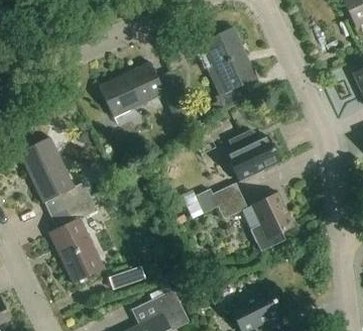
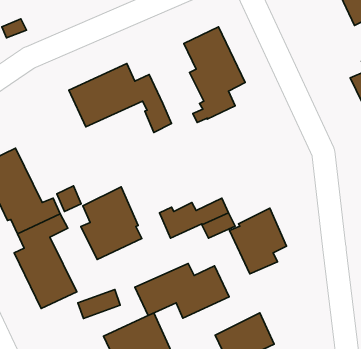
building: [218,130,280,182] -> none
building: none -> [81,187,142,259]
building: none -> [135,264,229,318]

